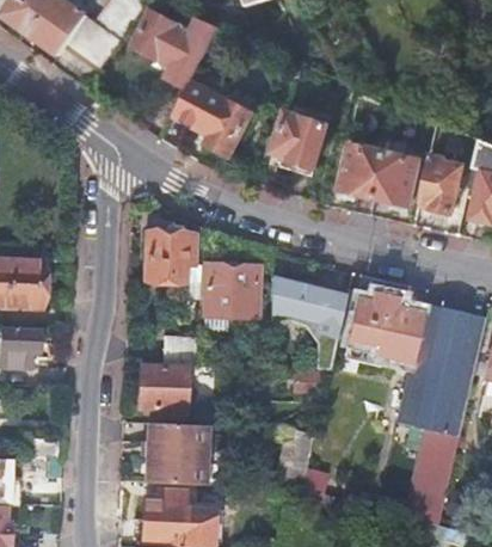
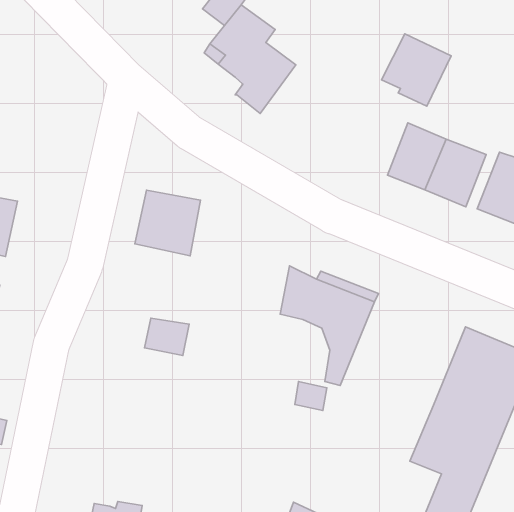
building: [273,113,327,170] -> [381,34,451,106]
building: [204,265,257,318] -> none
building: [345,294,422,371] -> none
building: [139,367,187,417] -> none
building: [146,423,210,485] -> none

